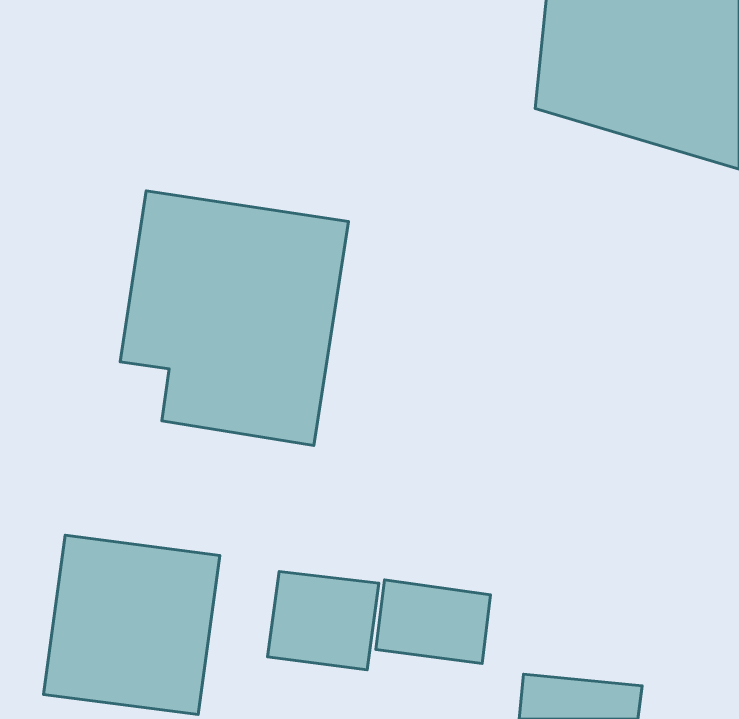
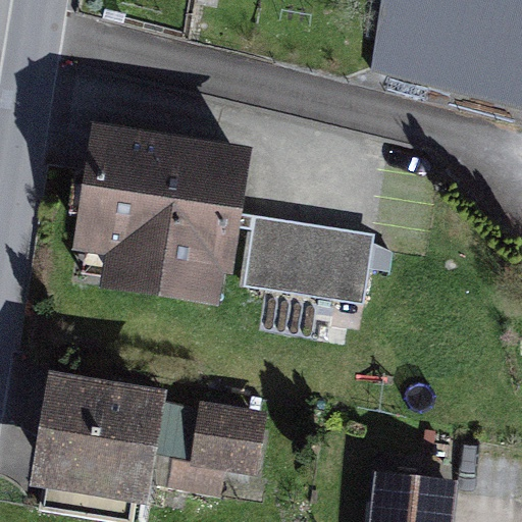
building: none -> [242,206,377,296]
building: [376,580,491,664] -> none

